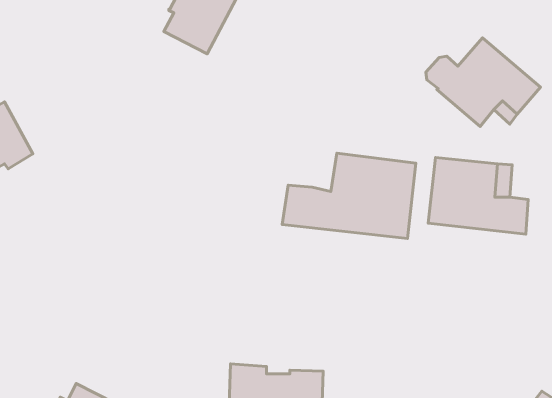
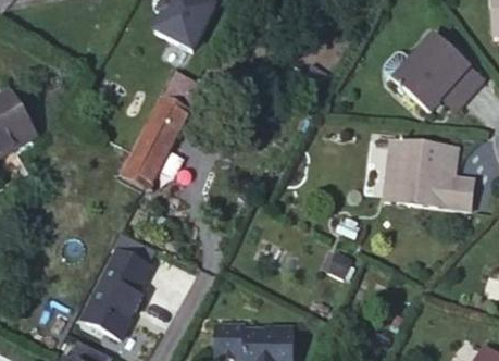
building: none -> [122,74,194,189]
building: [282,153,416,239] -> none
building: none -> [80,234,154,336]

